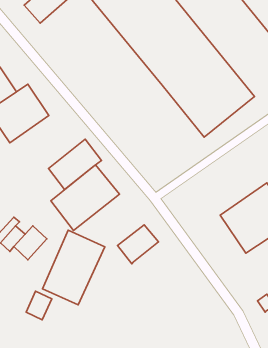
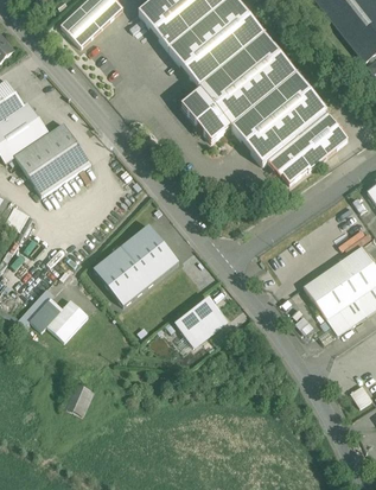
building: none -> [181,88,231,140]
building: [48,139,101,190] -> none
building: [42,230,105,305] -> none

